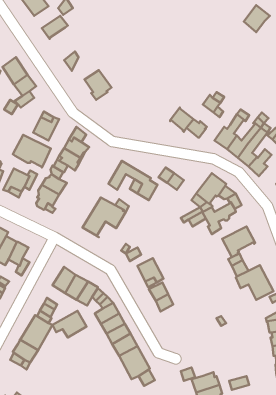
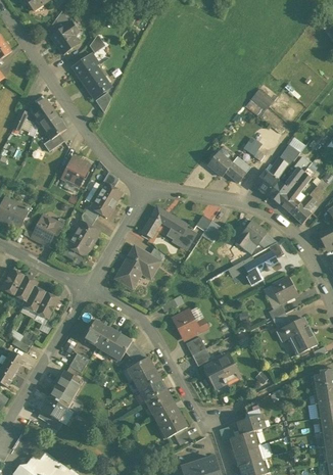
building: [244,5,270,32] -> [245,89,273,117]
building: [84,70,111,100] -> [81,66,109,98]
building: [13,135,51,168] -> none
building: none -> [204,354,238,385]
building: [53,311,87,337] -> none
building: none -> [237,400,265,435]

